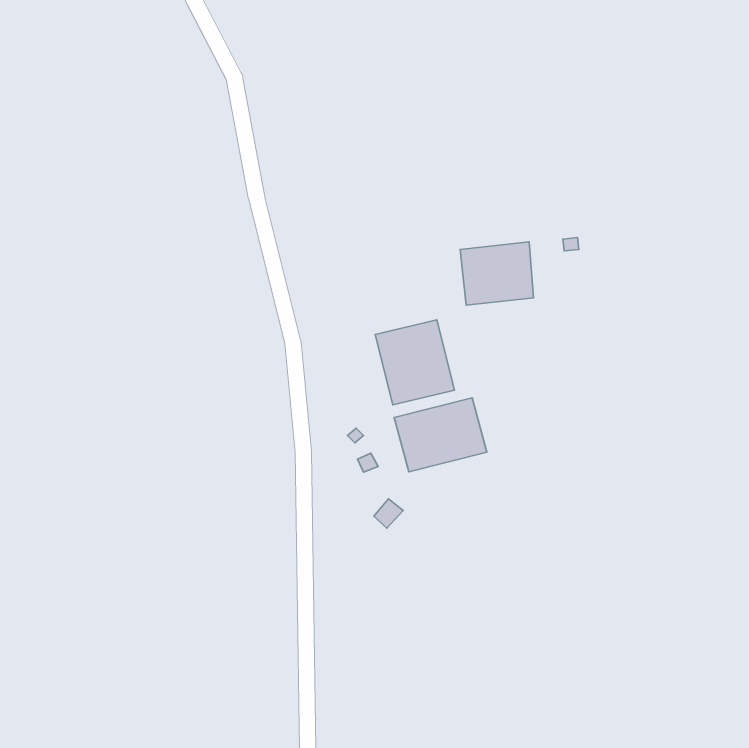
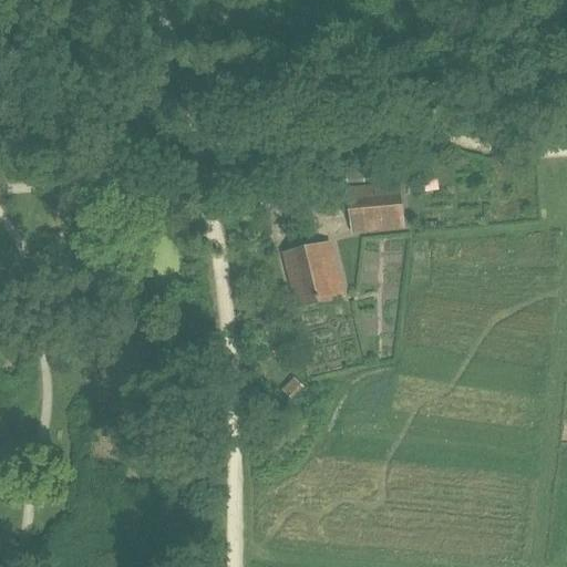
building: [394,398,487,472] -> none

